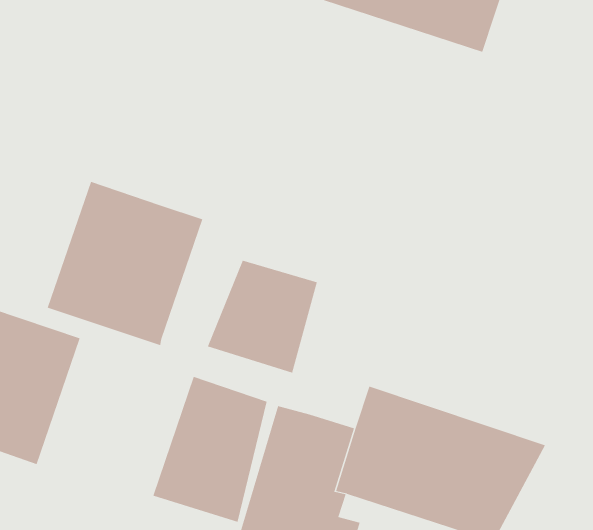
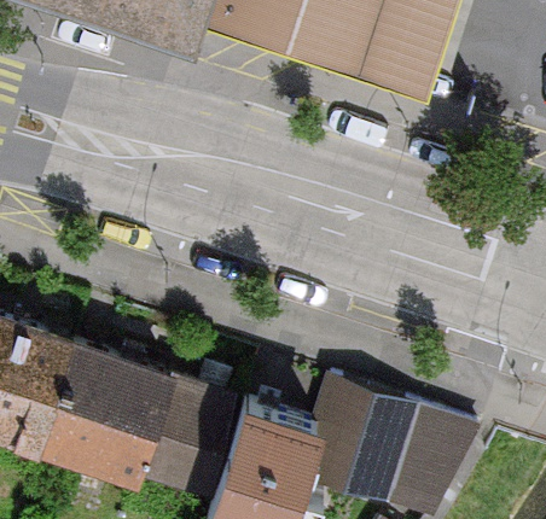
building: [47,181,203,346] -> [36,343,170,484]
building: [207,260,318,373] -> none

